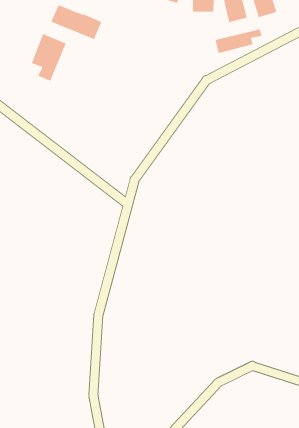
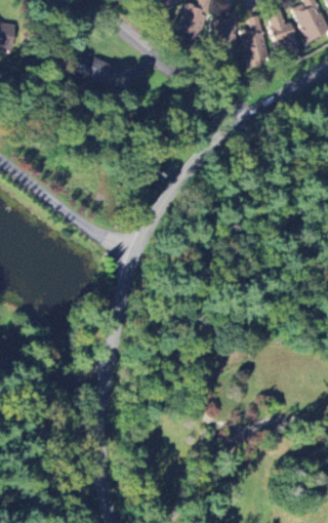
building: [215,28,262,54] -> none
building: [31,33,66,82] -> none

